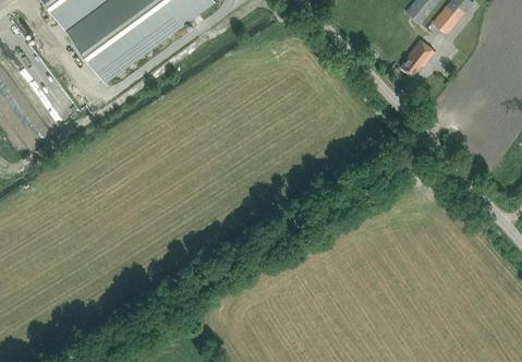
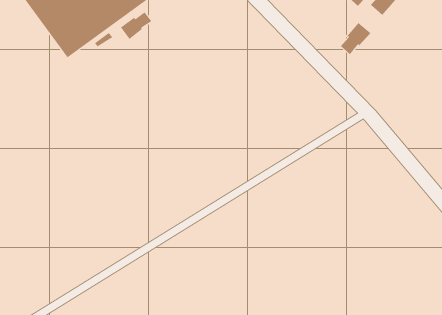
building: none -> [120,11,152,40]

